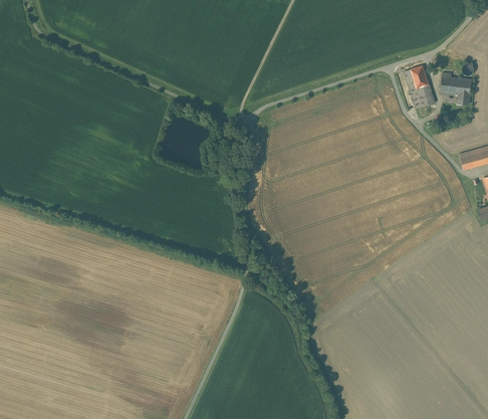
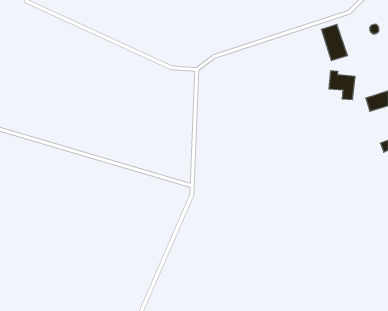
building: [441,72,473,108] -> [329,71,355,100]

